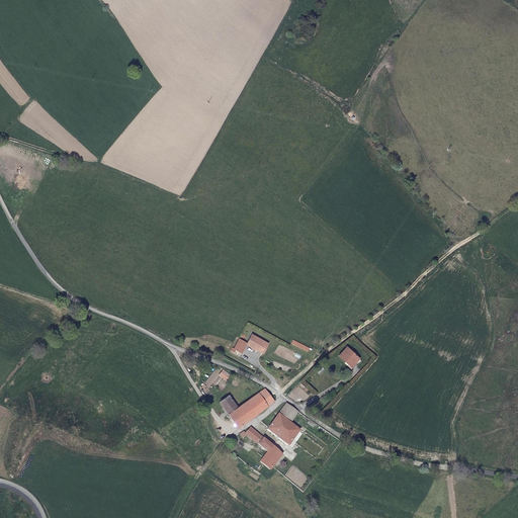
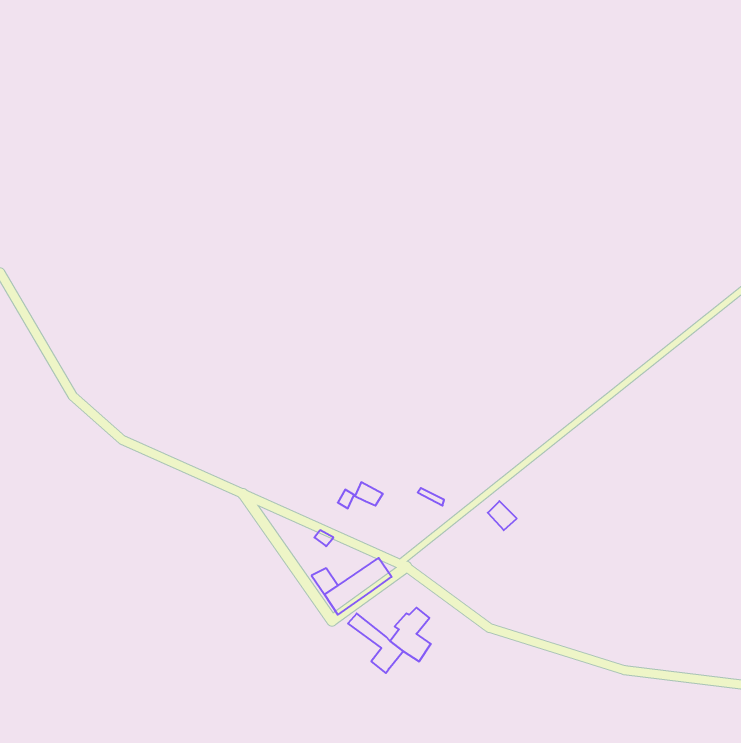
building: [266,402,299,435] -> none

